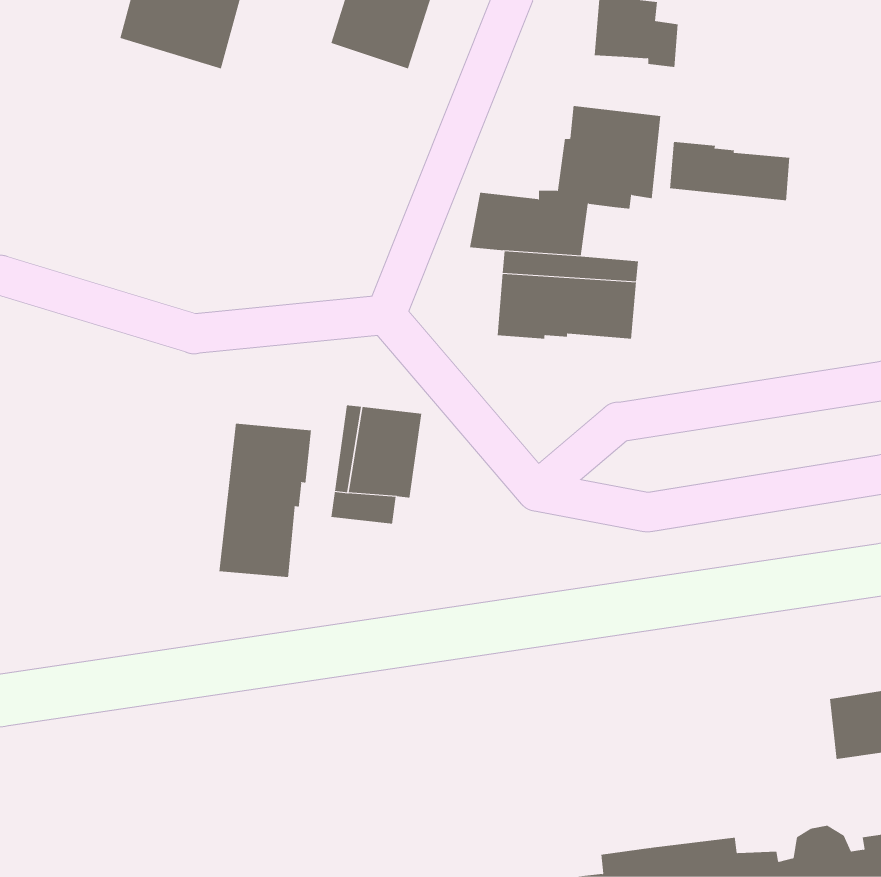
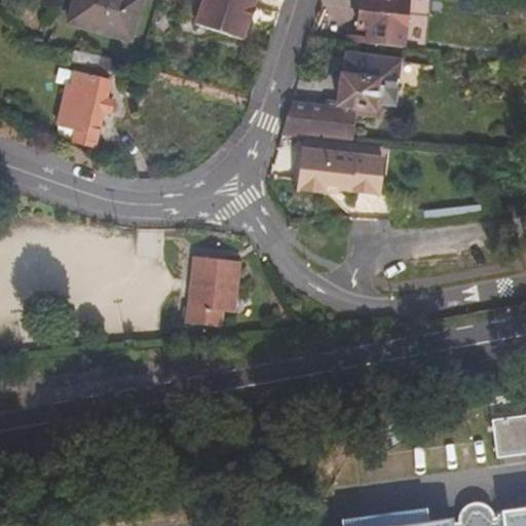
building: [670,141,790,201] -> none
building: none -> [51,84,106,150]
building: [219,423,311,578] -> none

